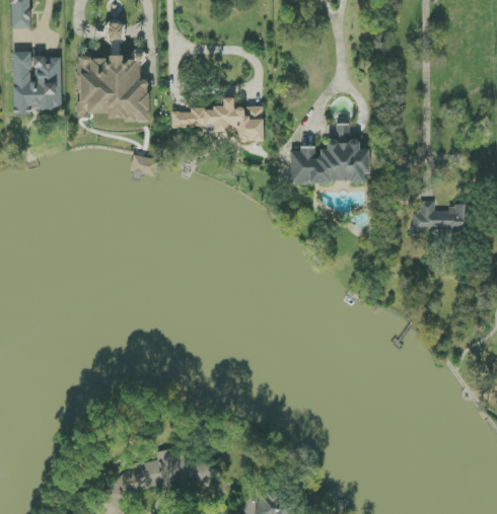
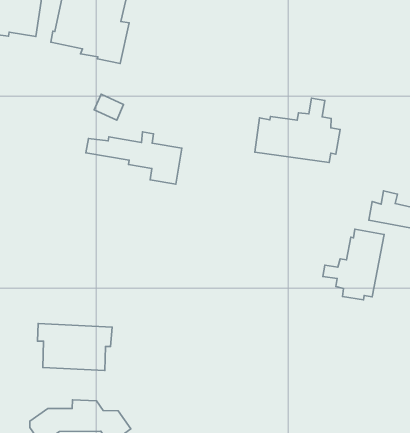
building: [171,97,263,142] -> [86,132,182,184]
building: none -> [323,229,384,300]
building: none -> [38,323,112,371]

